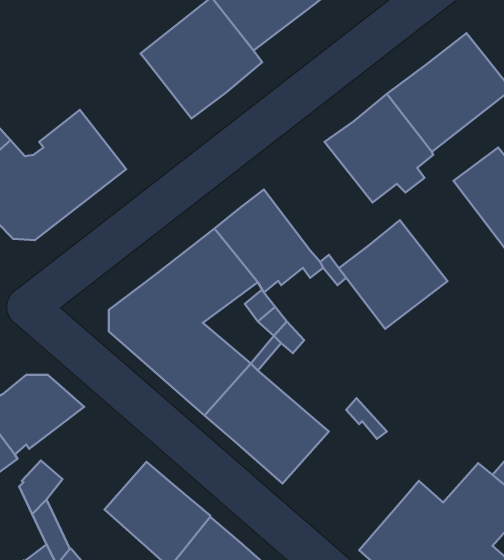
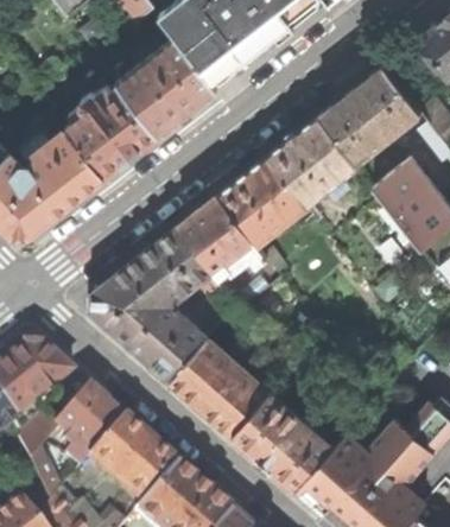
building: none -> [68,88,159,178]
building: [339,220,447,329] -> [218,155,308,245]
building: none -> [53,386,122,466]
building: none -> [234,393,334,490]

